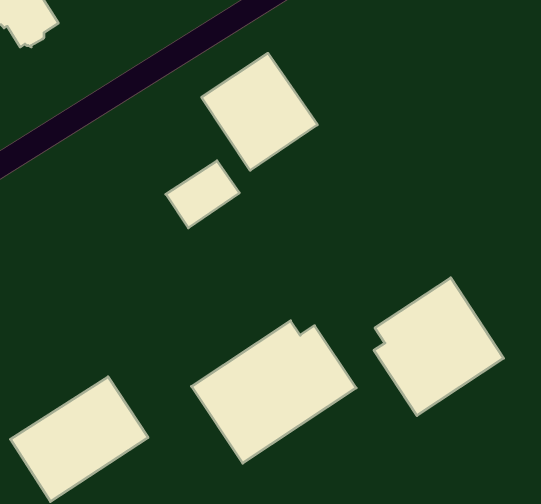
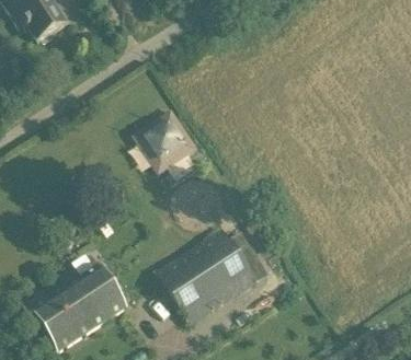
building: [202,53,317,170] -> none
building: [374,278,504,416] -> none

